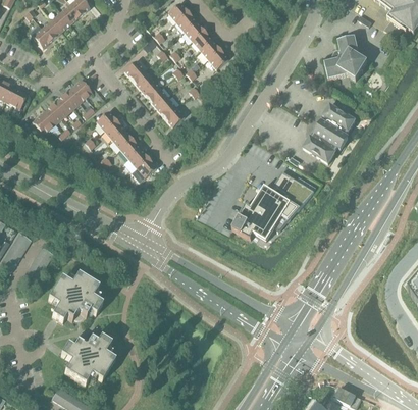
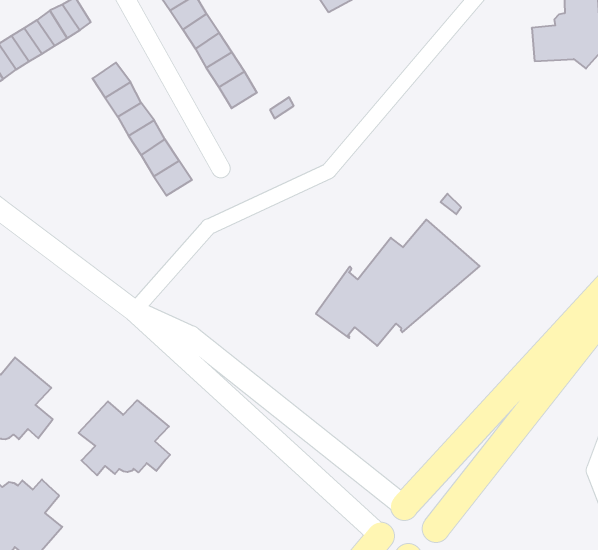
building: [303,103,355,161] -> none
building: none -> [79,400,170,475]

